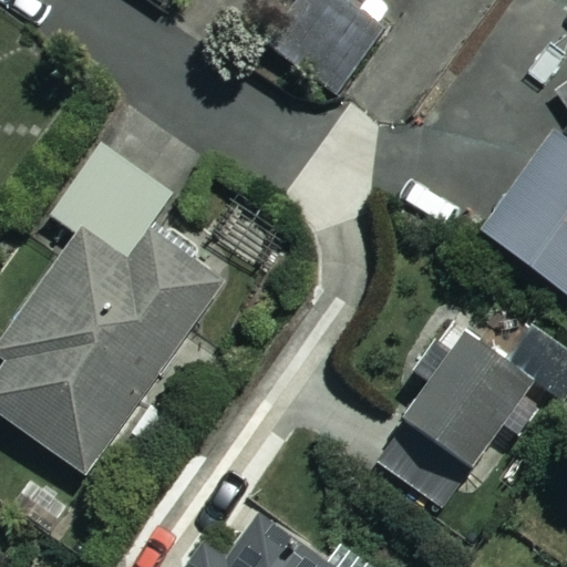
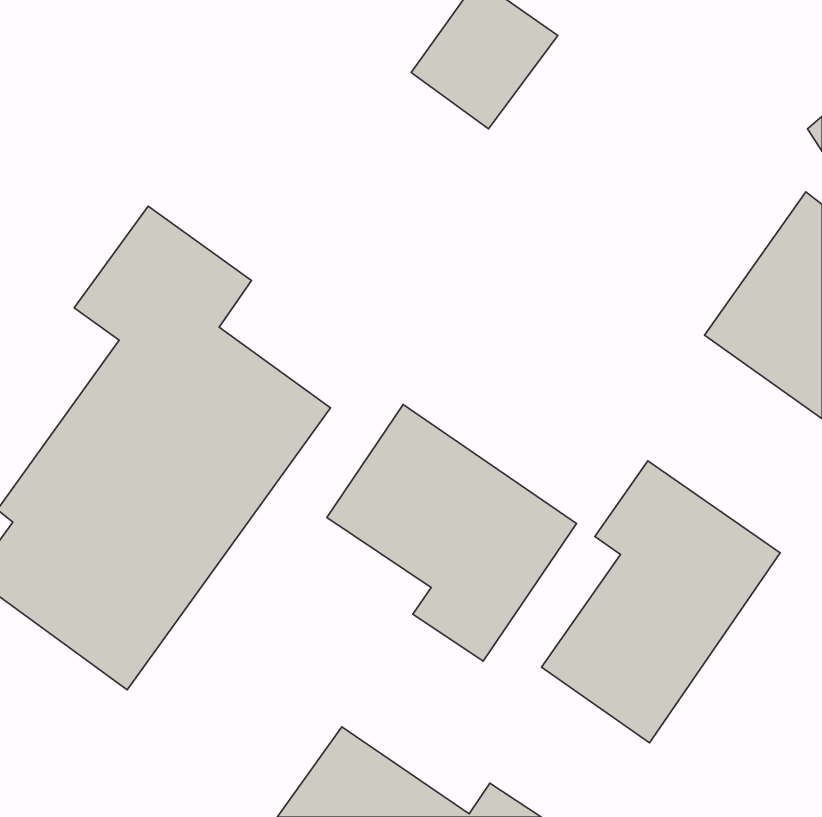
building: none -> [327,404,577,661]

